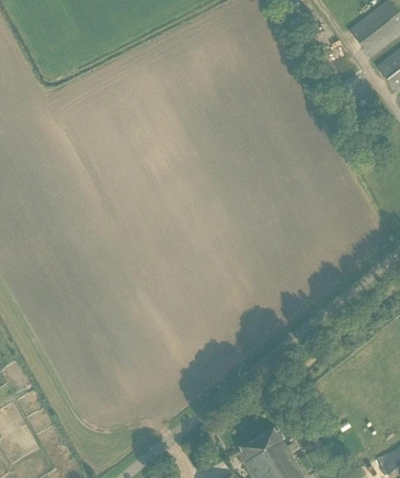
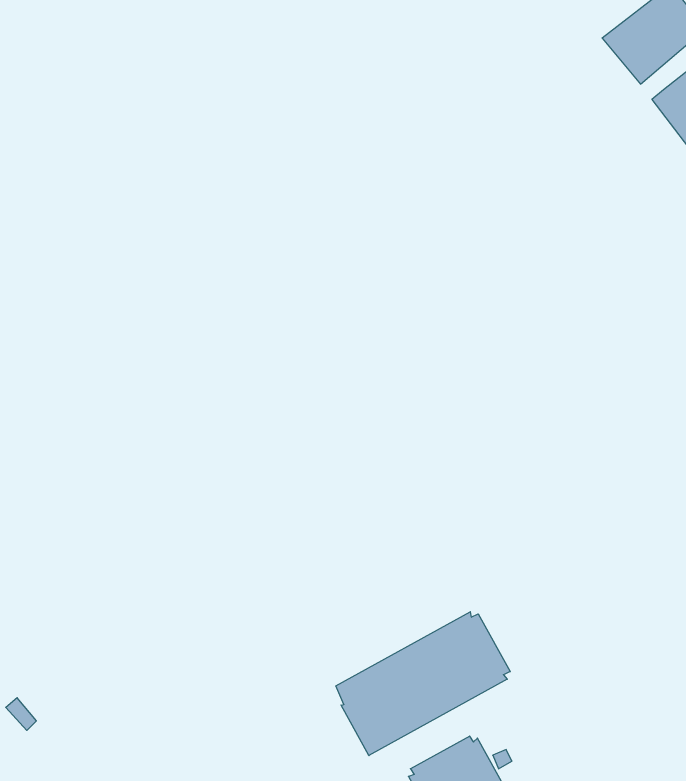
building: none -> [336,612,510,756]

